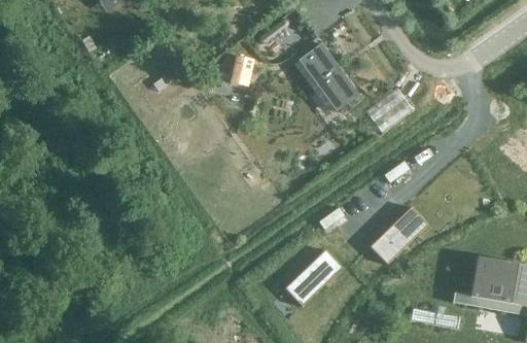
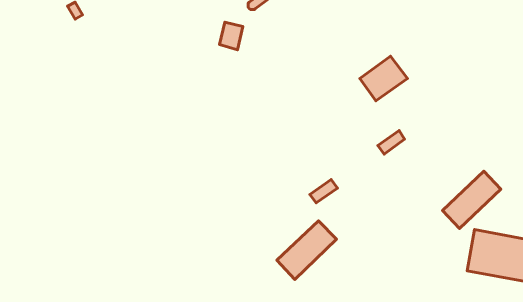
building: [297,43,358,111] -> none
building: [371,207,427,263] -> [442,171,501,228]

